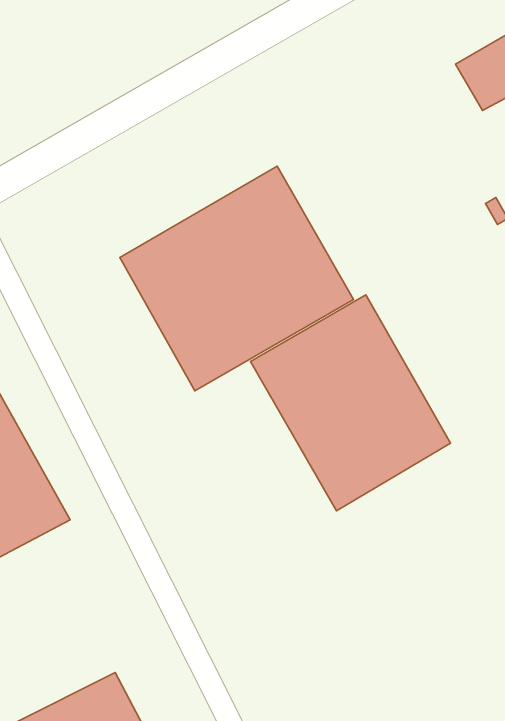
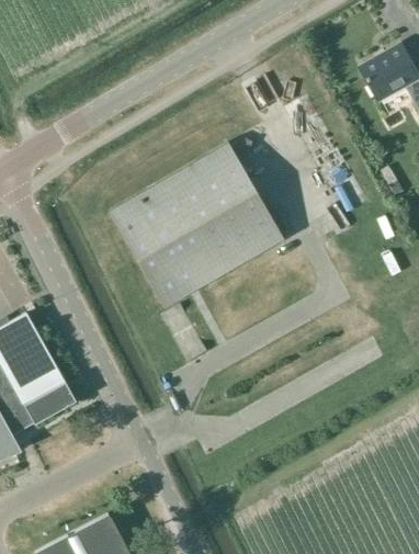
building: [250,295,451,511] -> none

